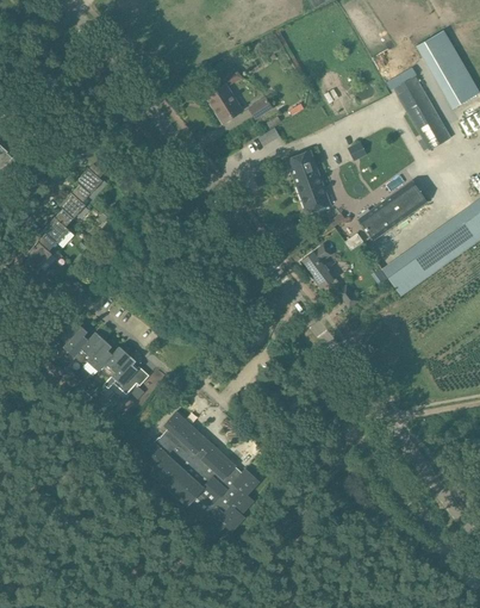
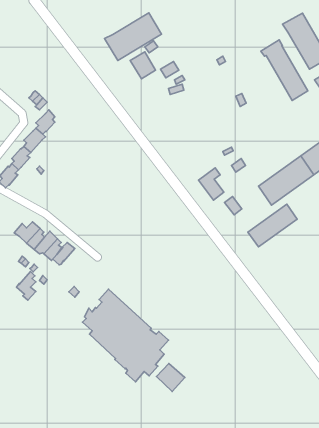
building: none -> [105,13,161,60]
building: [286,150,330,212] -> none
building: [359,180,426,238] -> [248,204,297,247]
building: [111,354,137,393] -> [17,272,36,300]
building: none -> [157,364,185,391]

